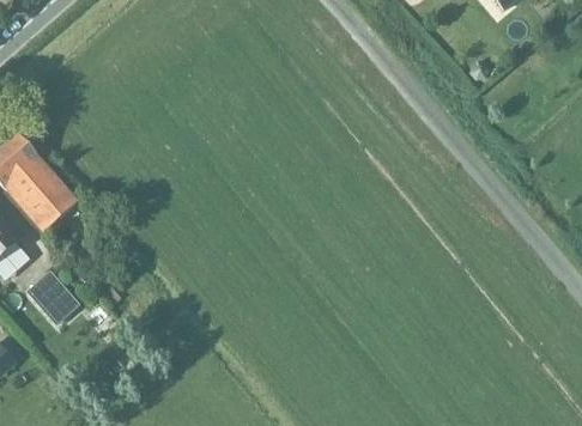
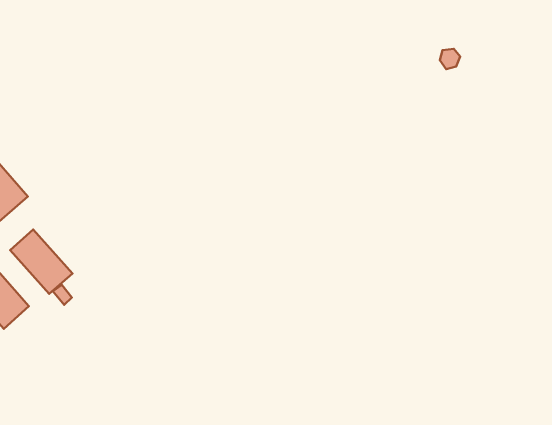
building: none -> [10,229,72,294]

